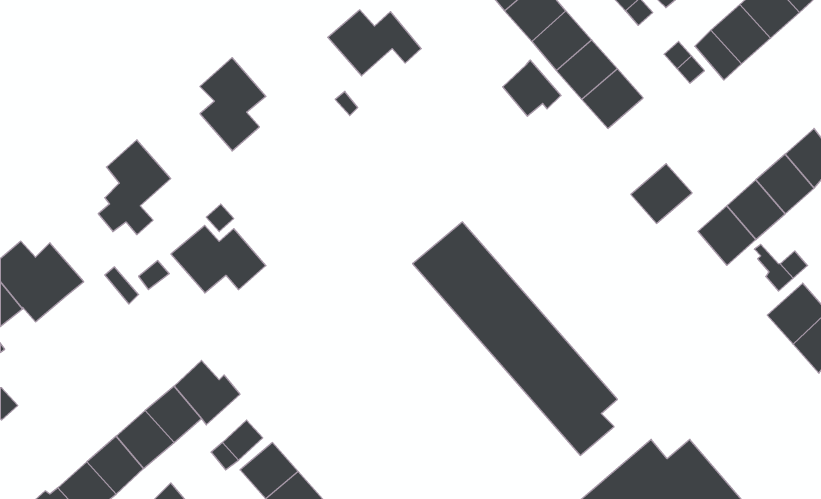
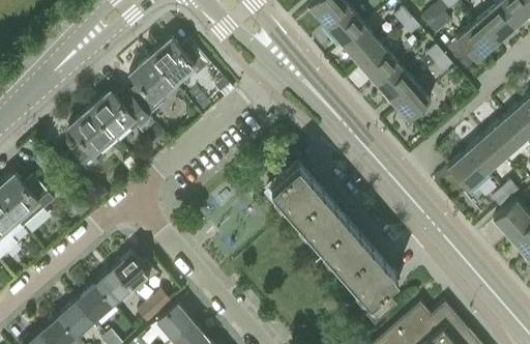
building: [328,10,421,76] -> [150,39,210,82]
building: [503,60,561,116] -> none
building: [631,164,692,223] -> [391,83,431,121]
building: [171,225,266,293] -> [89,91,150,135]

